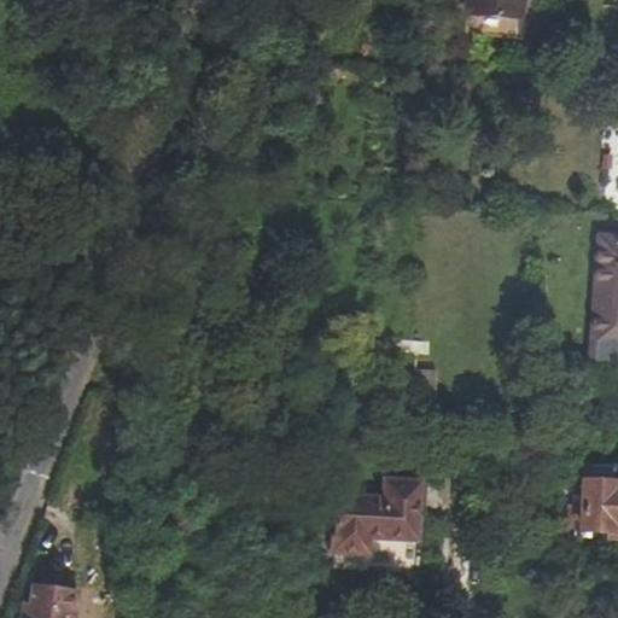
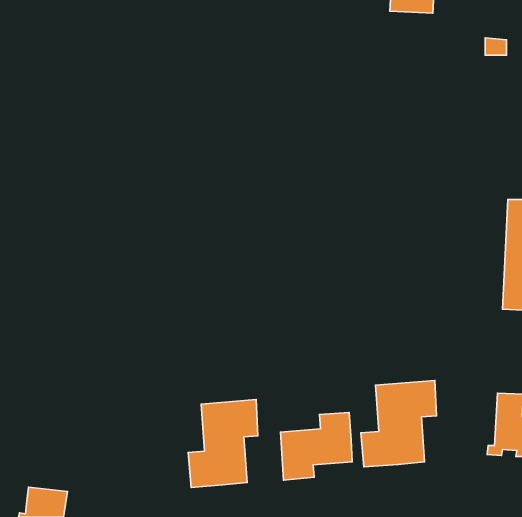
building: none -> [361,380,437,467]
building: none -> [188,399,258,487]

